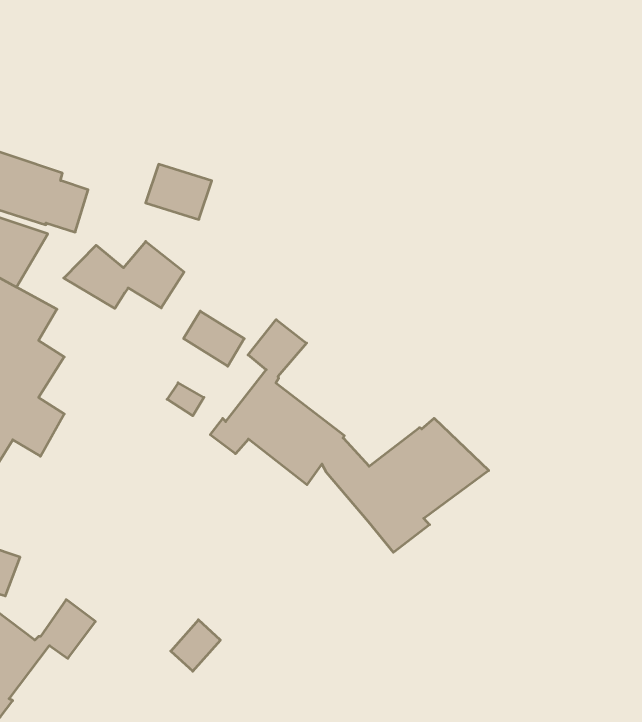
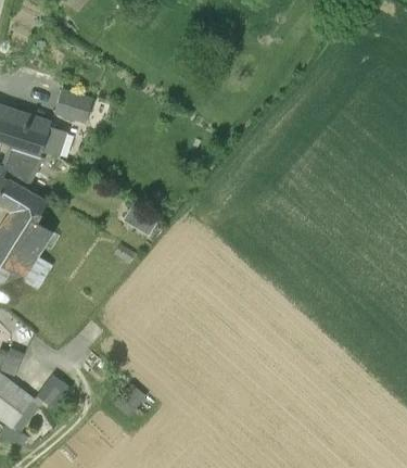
building: [146,164,212,219] -> [54,89,93,122]
building: [64,241,184,308] -> none
building: [210,320,489,552] -> none

